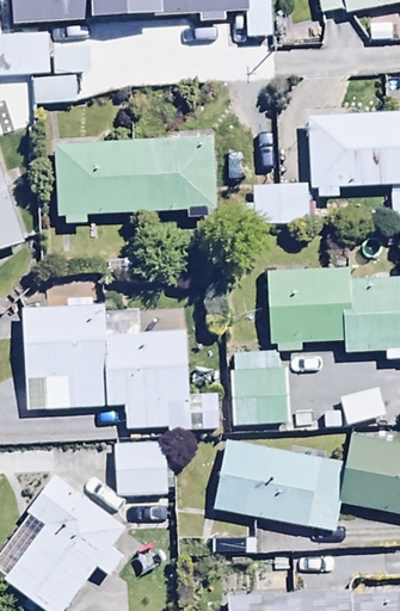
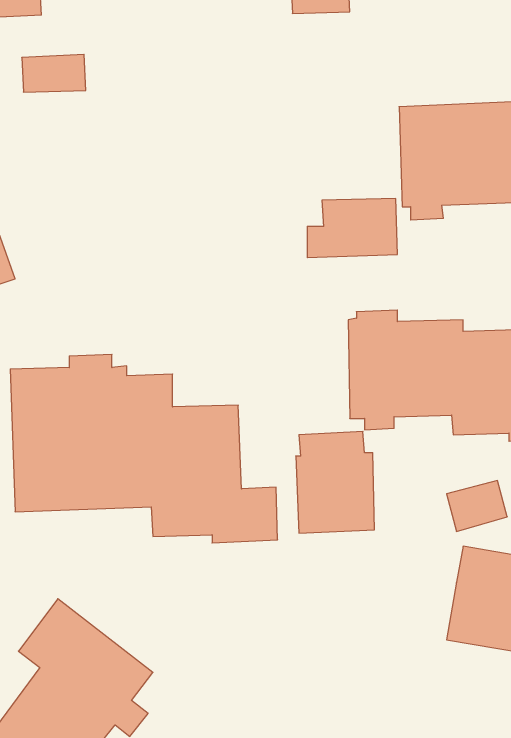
building: [54,136,217,223] -> none
building: [113,440,166,495] -> none
building: [213,440,347,530] -> none

